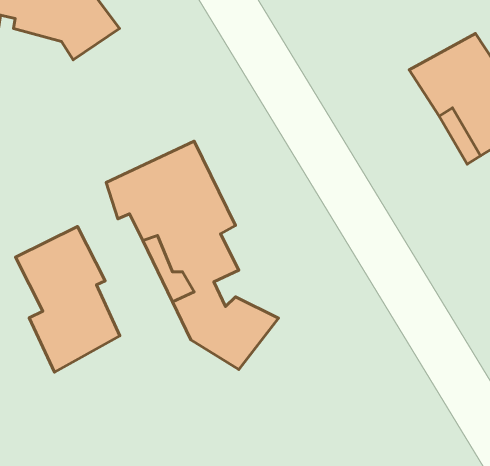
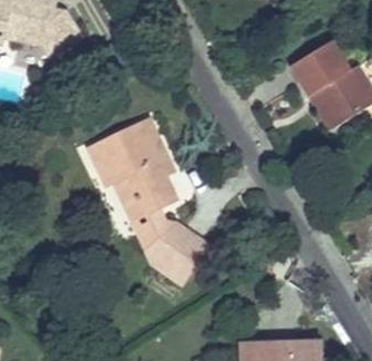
building: [15,227,120,372] -> none

